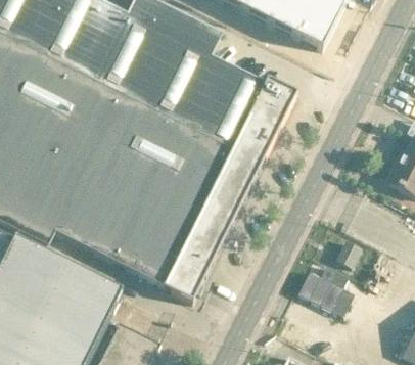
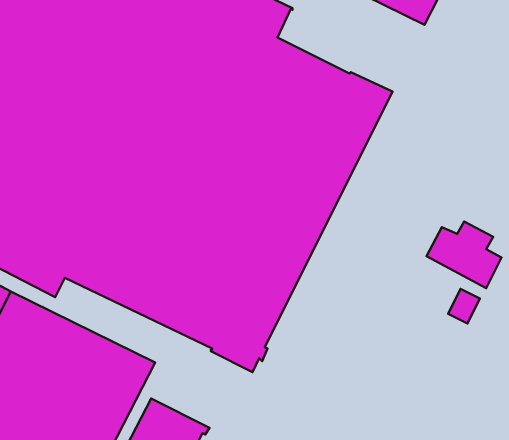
building: [296,266,352,315] -> [427,221,502,288]

